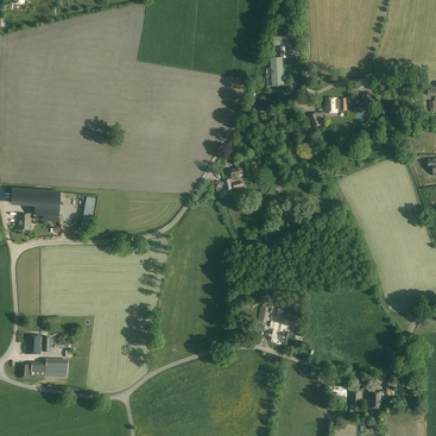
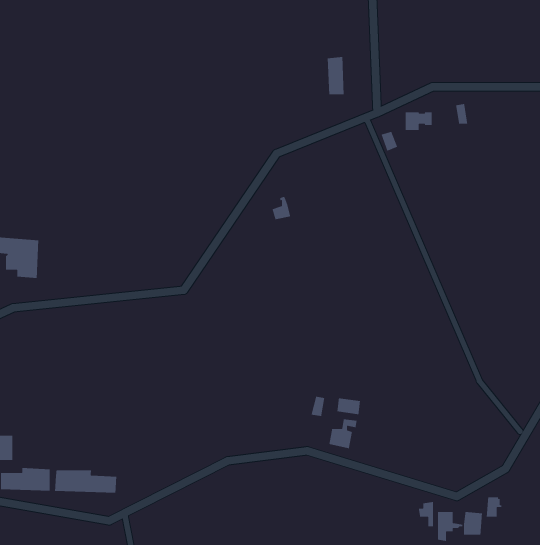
building: none -> [54,469,117,494]

